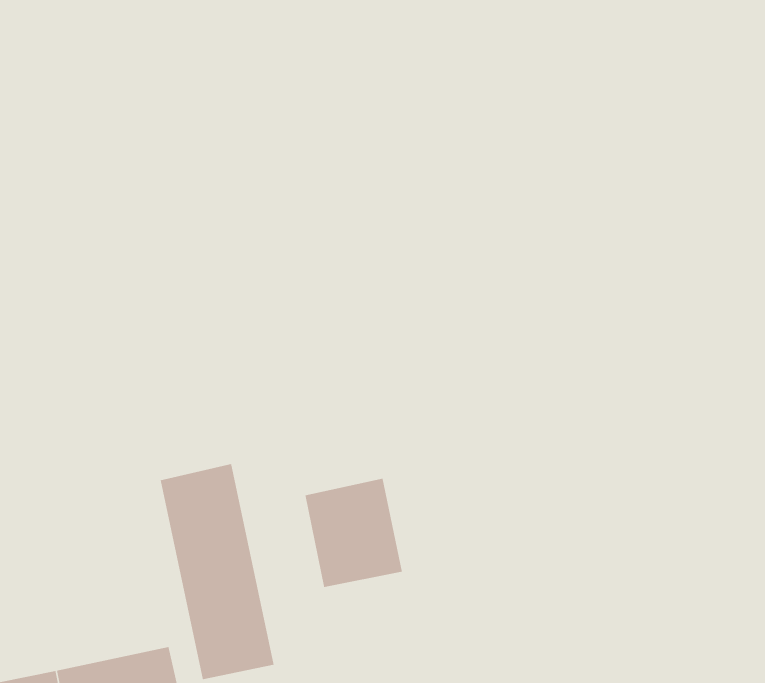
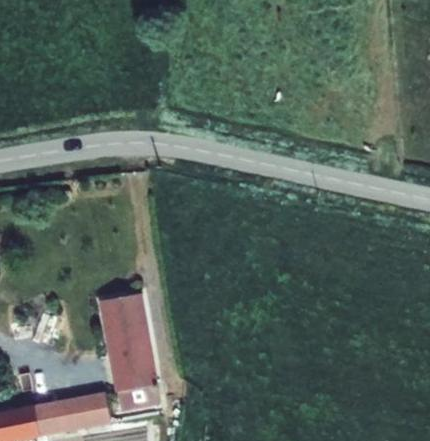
building: [305,478,403,588] -> none

